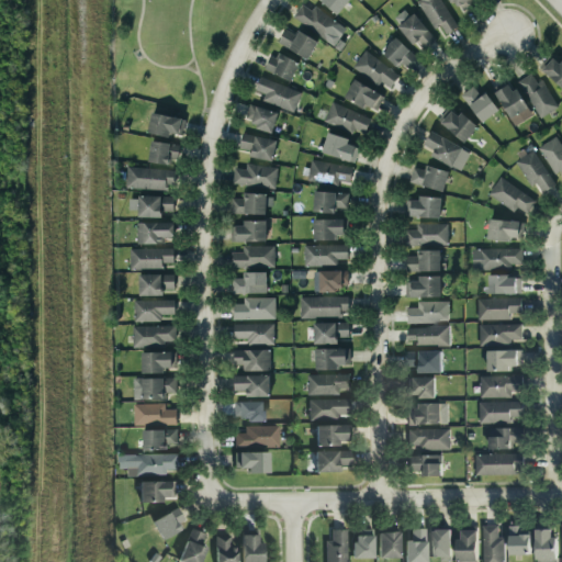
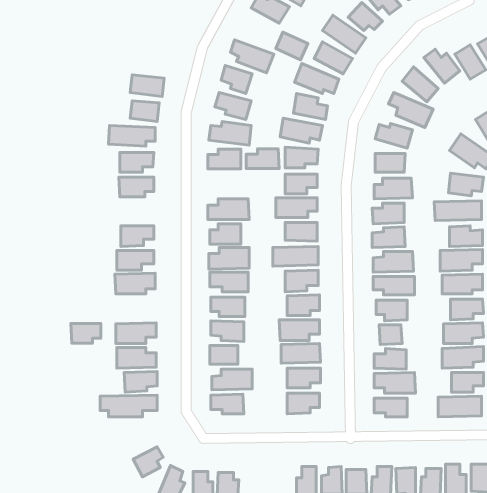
building: [265,50,299,80] -> [276,32,308,60]
building: [232,220,267,240] -> [246,149,279,168]
building: [131,247,175,268] -> none
building: [142,351,173,372] -> [71,324,101,343]
building: [140,481,175,503] -> none

